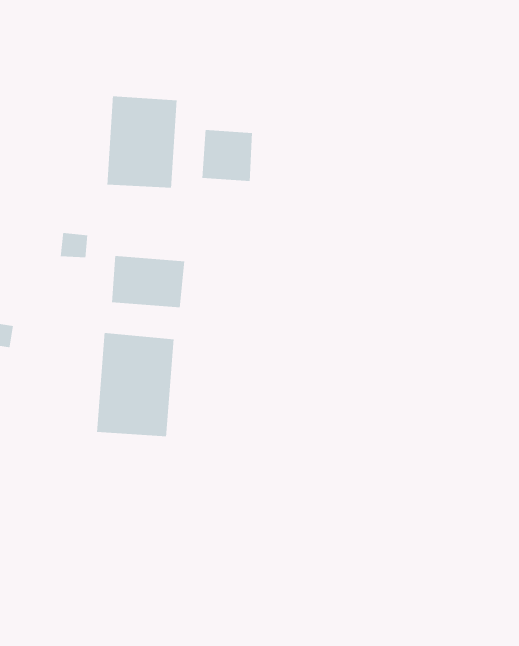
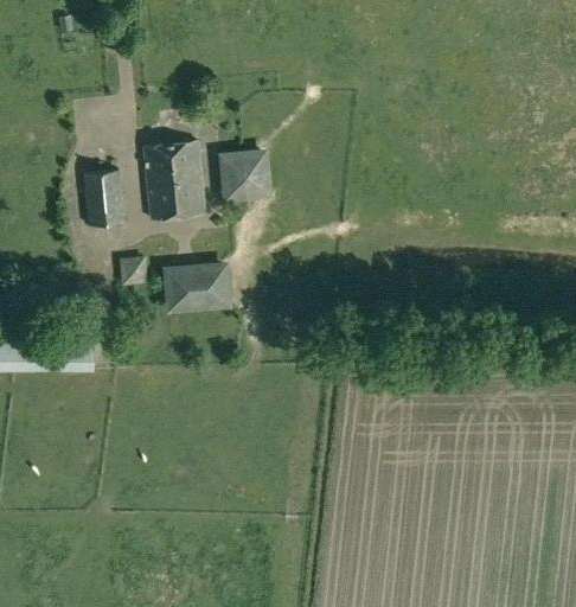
building: none -> [83,167,124,224]
building: [96,332,175,437] -> none

